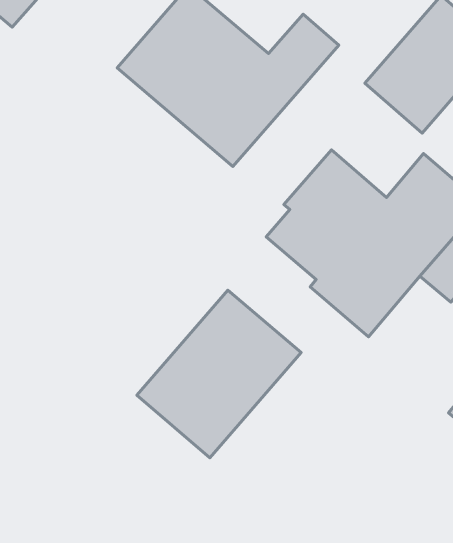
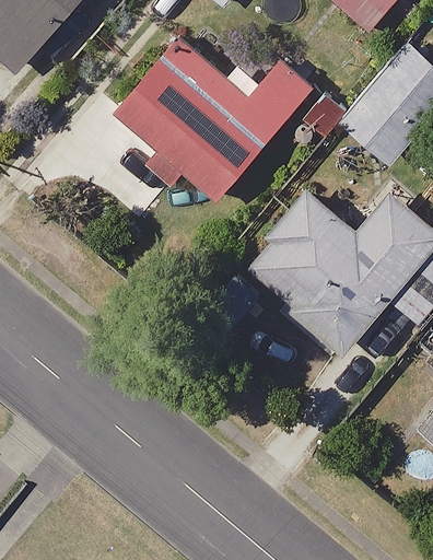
building: [137,290,301,458] -> none

